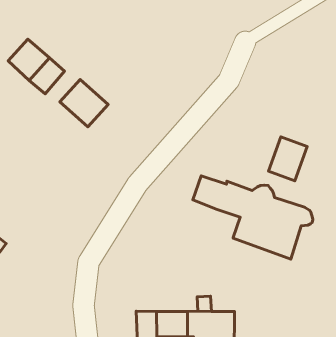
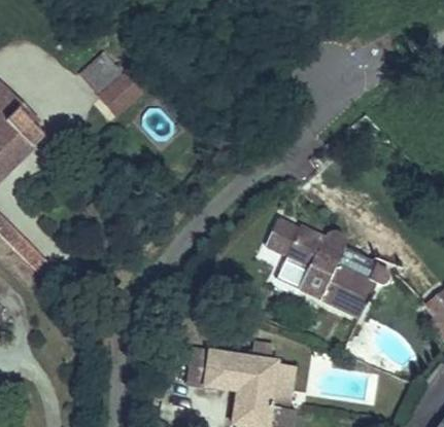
building: [60,79,108,127] -> none
building: [268,137,307,181] -> none

